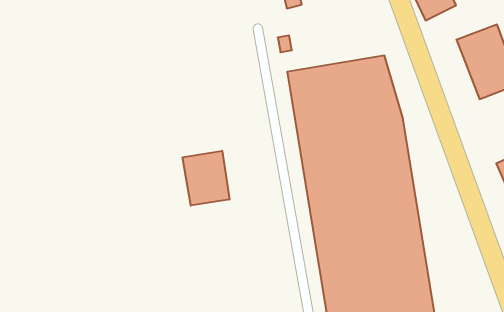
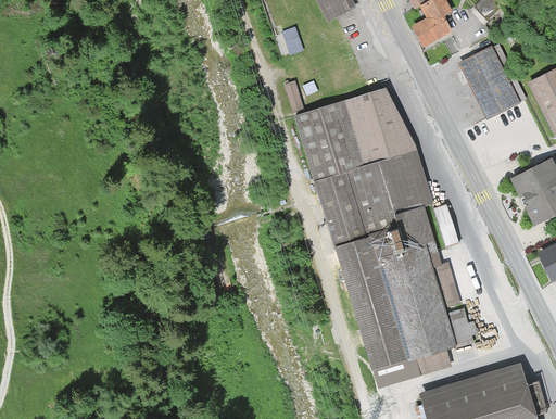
building: [183,151,229,206] -> none

